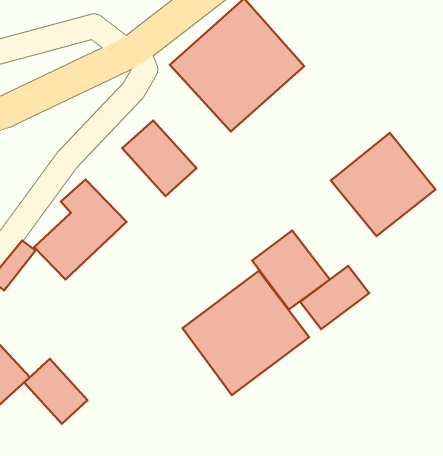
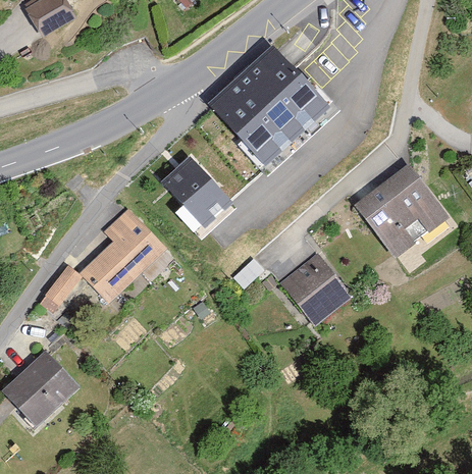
building: [300,266,369,329] -> none
building: [183,271,309,395] -> none
building: [24,359,87,424] -> none

